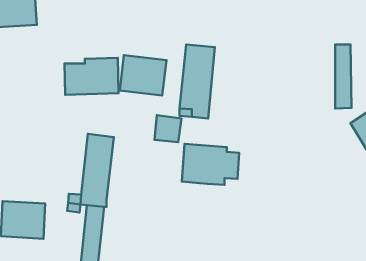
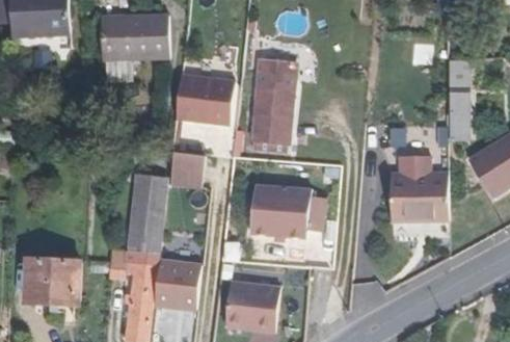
building: [64,58,118,95] -> [100,14,168,60]
building: [155,115,182,142] -> [171,150,206,184]
building: none -> [390,173,447,221]
building: none -> [154,257,200,307]
building: none -> [226,279,280,330]

